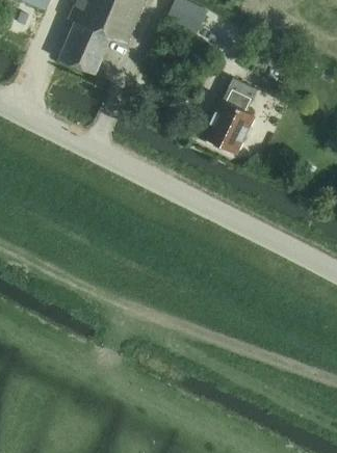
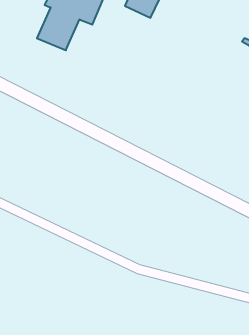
building: [202,78,258,153] -> none

